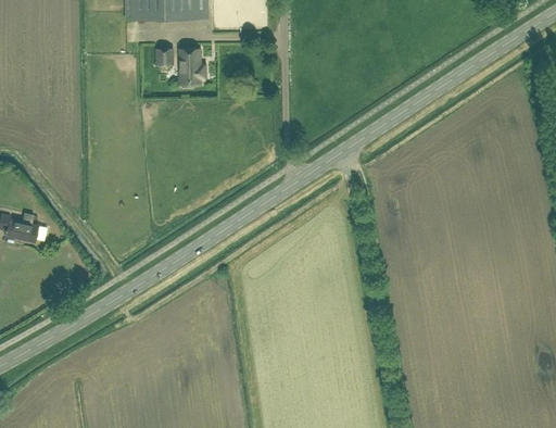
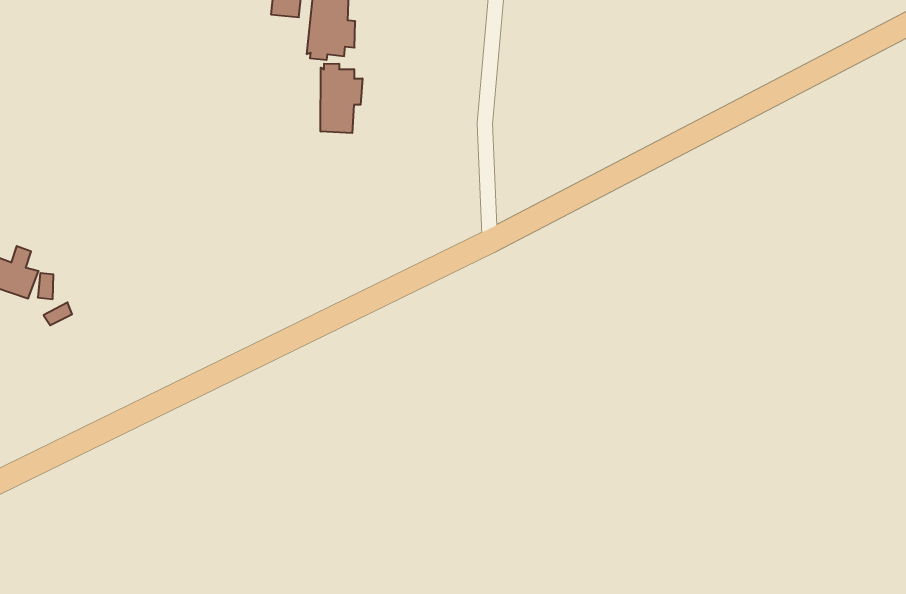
building: none -> [321,64,362,133]

